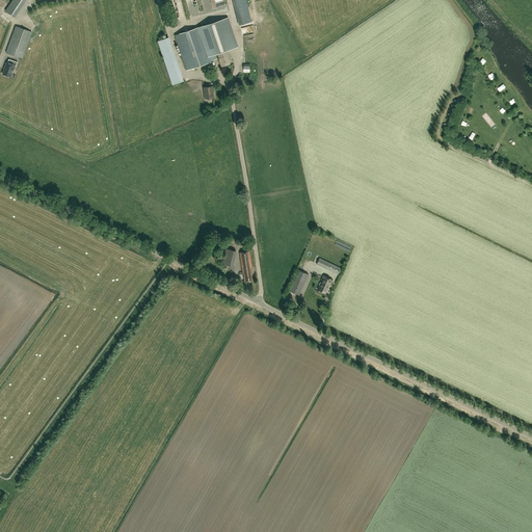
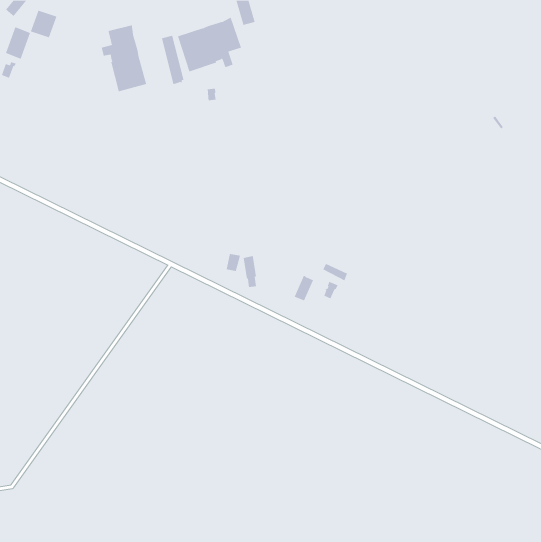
building: none -> [30,10,57,38]
building: none -> [101,24,147,92]

